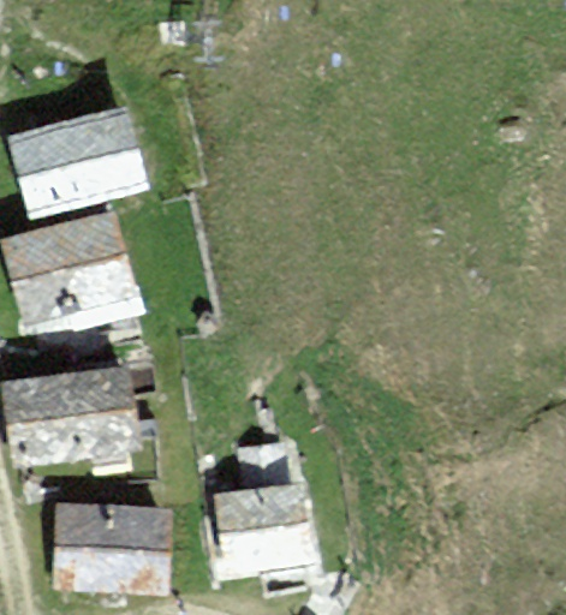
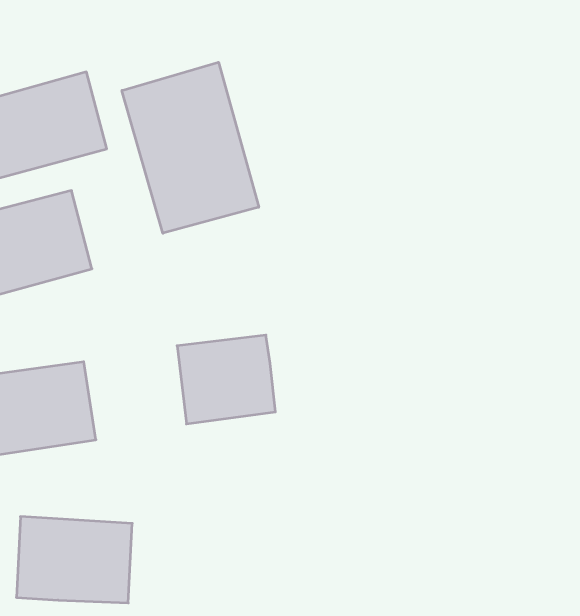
building: none -> [122,62,259,233]
building: [220,484,308,563] -> [177,335,275,424]

